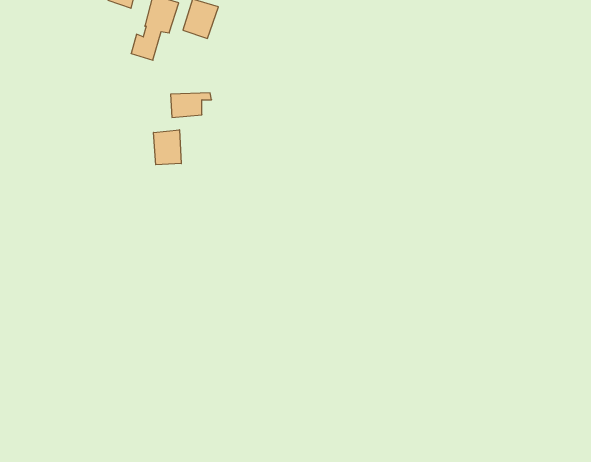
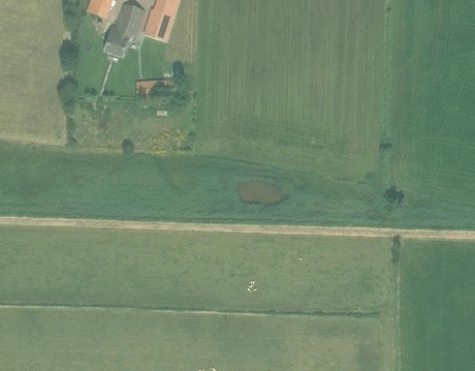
building: [154,130,181,165] -> none

